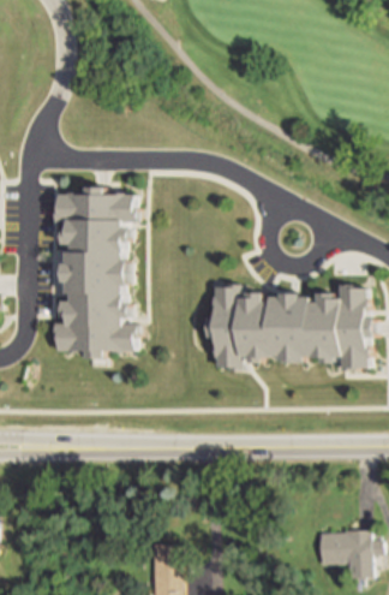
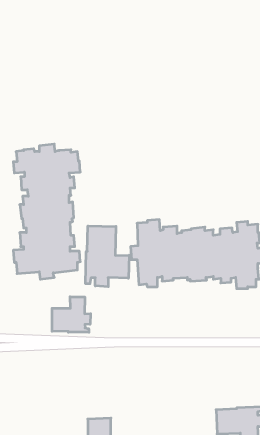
building: none -> [86,226,129,287]
building: none -> [52,297,91,332]

